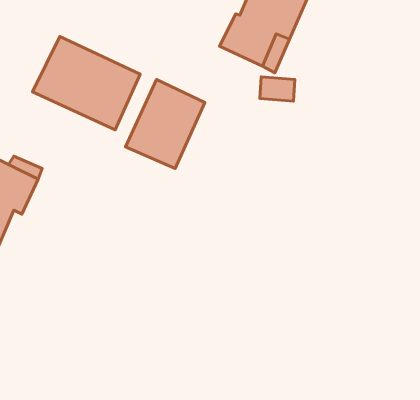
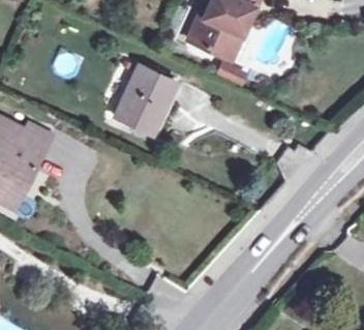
building: [32,36,140,130] -> none

